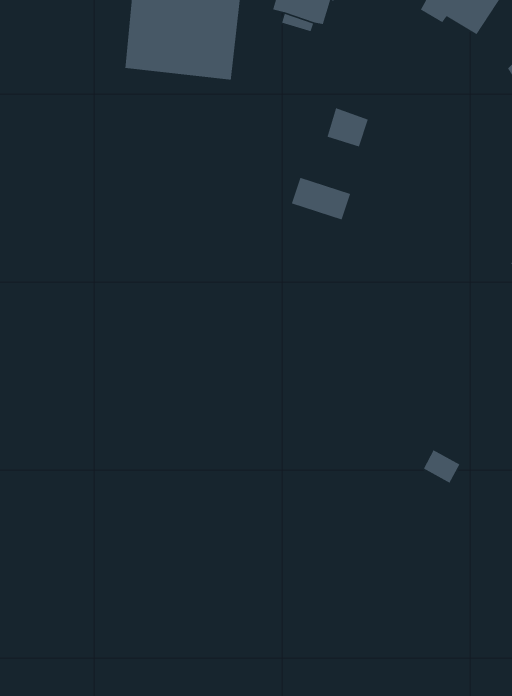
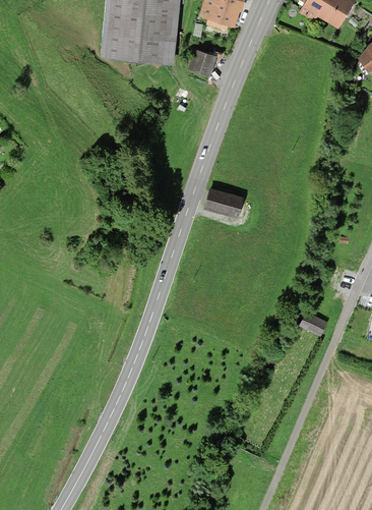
building: [327,107,369,148] -> [188,47,216,74]
building: [291,177,351,220] -> [203,189,244,219]

